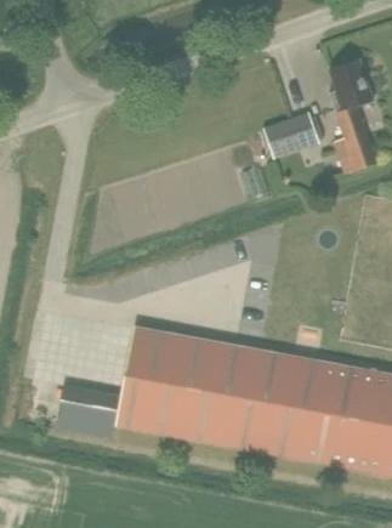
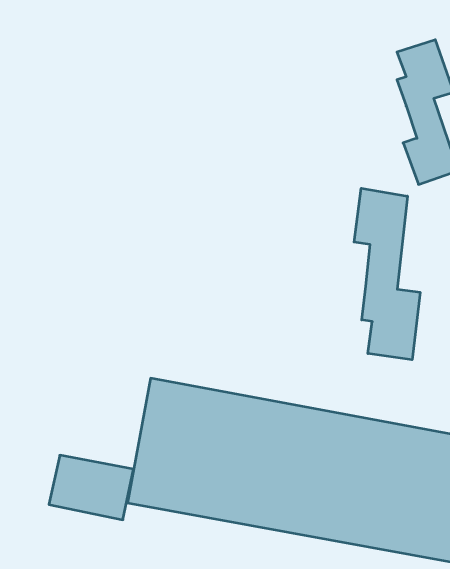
building: [265,114,320,155] -> none
building: none -> [354,188,420,360]

